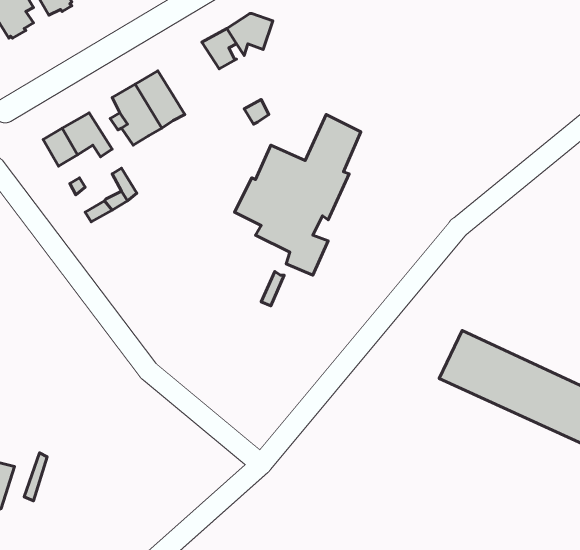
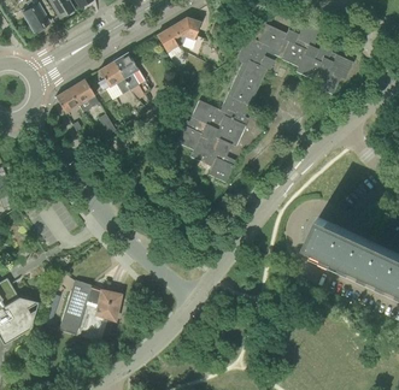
building: none -> [234,19,353,95]
building: none -> [59,280,119,335]

